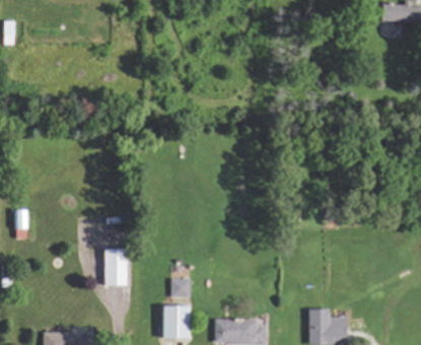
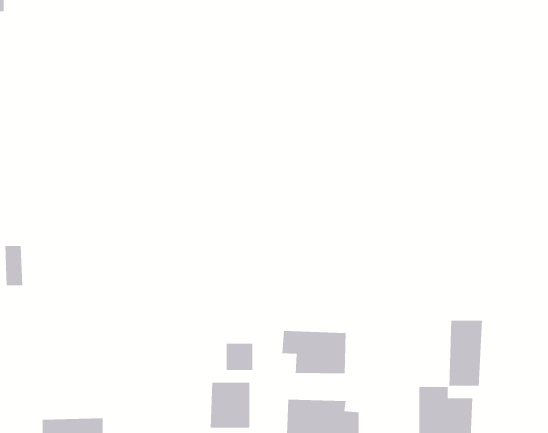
building: [104,248,128,285] -> none
building: none -> [449,320,482,386]
building: none -> [282,330,346,374]

